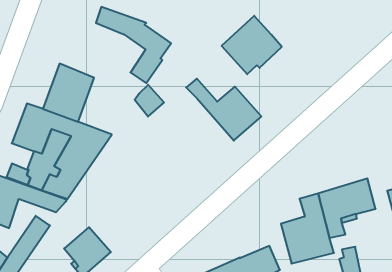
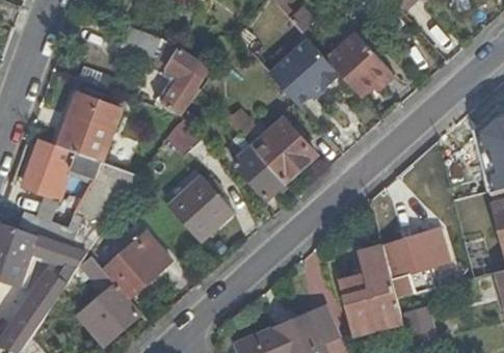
building: none -> [326,32,390,98]
building: none -> [232,134,283,199]
building: none -> [168,179,231,242]
building: none -> [103,233,171,298]

